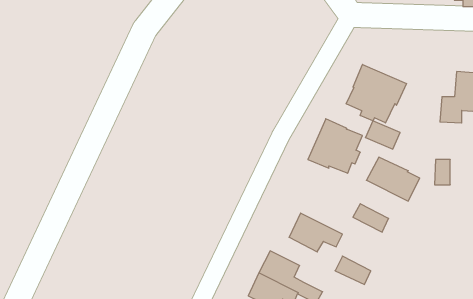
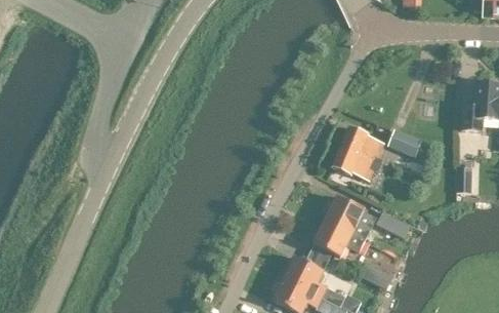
building: [346,64,407,123] -> none
building: [366,157,420,201] -> [325,196,377,239]

